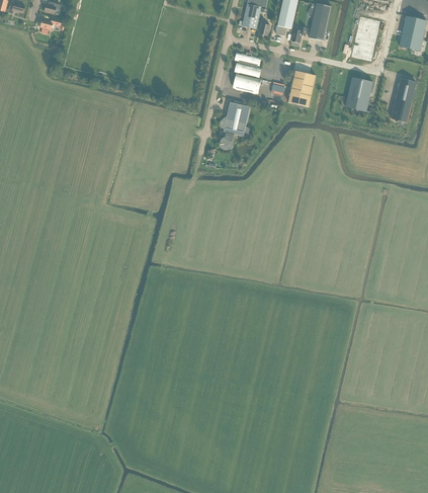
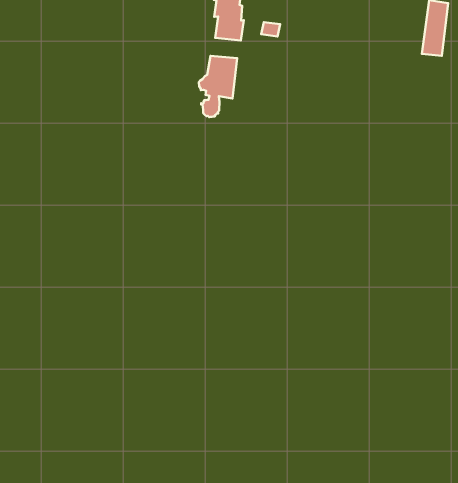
building: [287,70,315,106] -> none
building: [345,76,371,110] -> none

